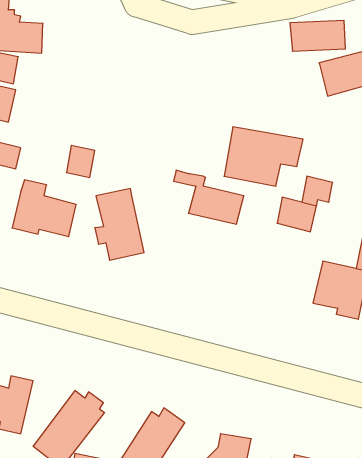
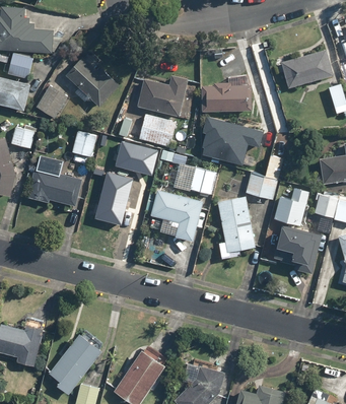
building: [290,20,345,51] -> [204,85,250,111]
building: none -> [65,50,119,107]
building: none -> [137,76,195,119]
building: none -> [36,85,67,118]
building: none -> [138,114,177,147]
building: none -> [126,146,156,177]
building: none -> [274,186,308,225]
building: none -> [150,189,203,241]
building: none -> [217,196,256,253]

